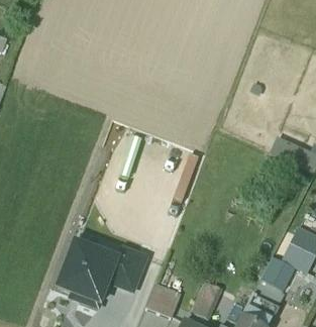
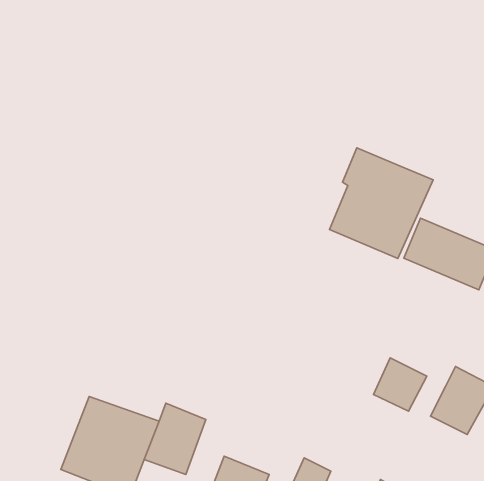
building: none -> [329,148,433,258]
building: [261,258,294,291] -> [374,358,427,411]

